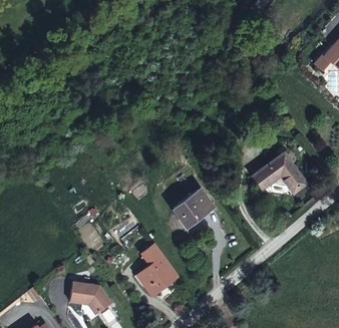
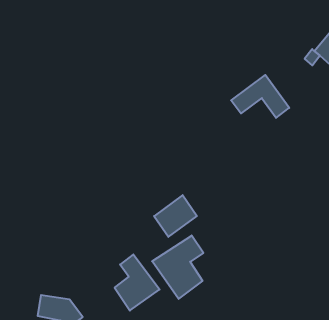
building: [255,154,308,194] -> [231,75,289,118]
building: none -> [152,235,203,299]

